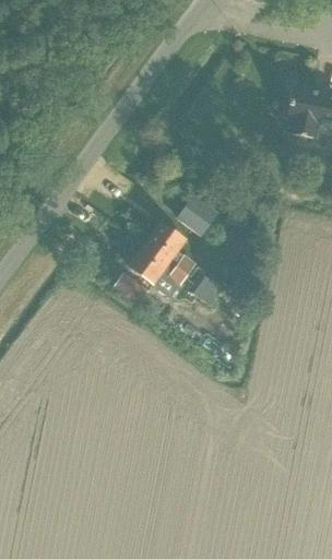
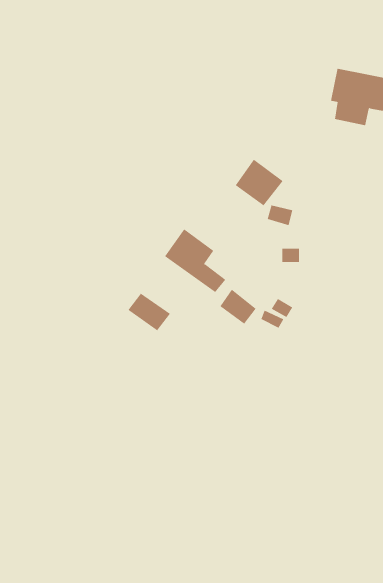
building: [177,195,217,235] -> [235,159,284,206]
building: [127,243,187,285] -> none

